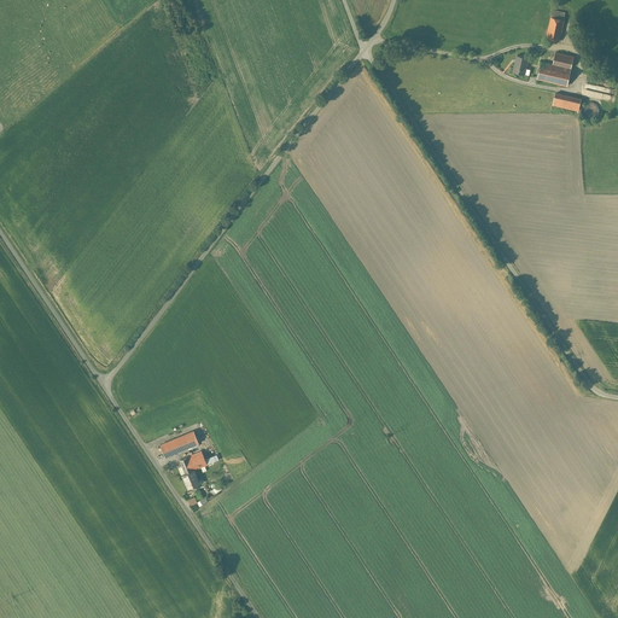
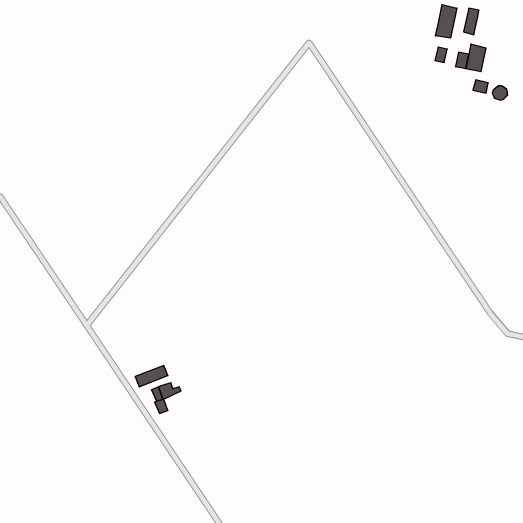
building: none -> [435,5,457,38]

